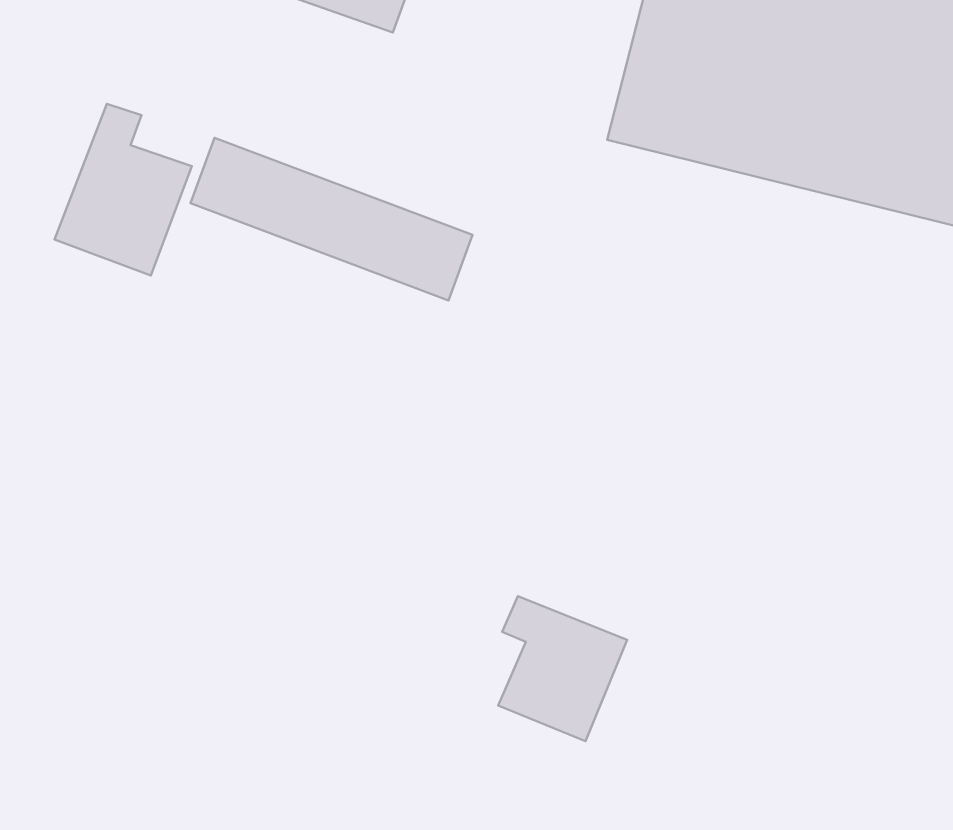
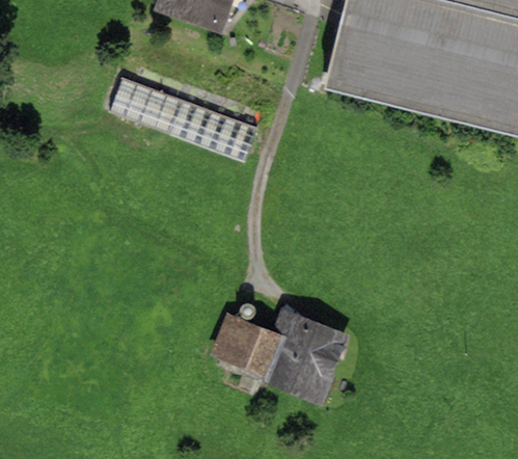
building: [55,104,192,275] -> none
building: none -> [212,316,282,373]

